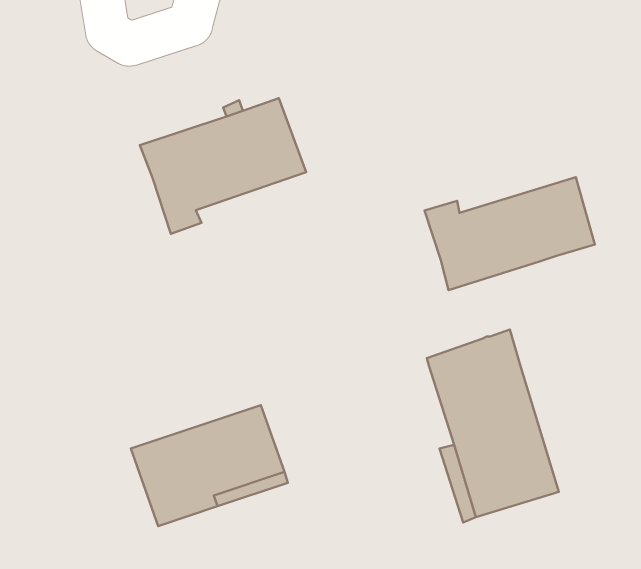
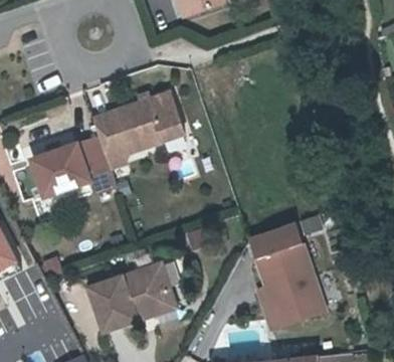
building: [424,177,595,290] -> none
building: none -> [31,134,116,195]

